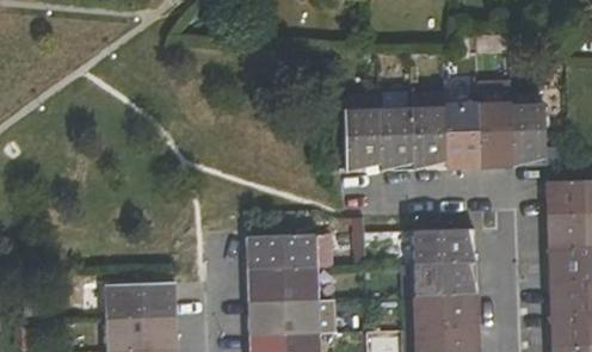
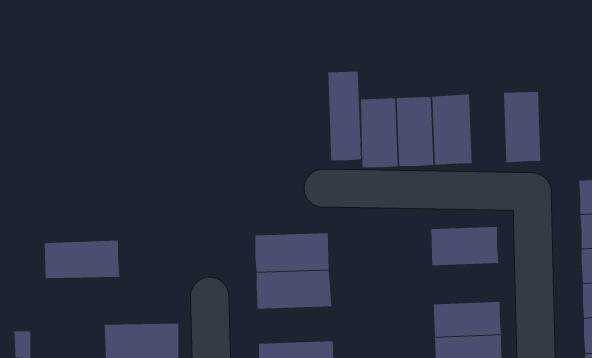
building: none -> [328,71,361,161]
building: [512,99,545,166] -> none
building: [448,101,481,168] -> none
building: [412,261,476,299] -> none
building: [104,283,175,319] -> [44,240,120,278]
building: [248,302,320,336] -> none

